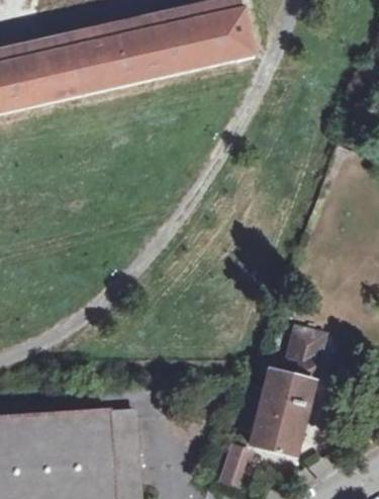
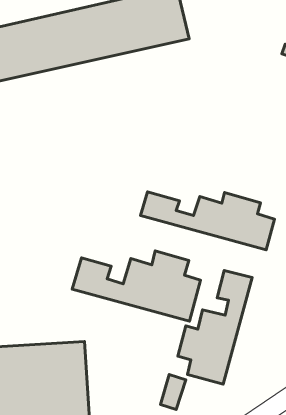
building: none -> [140,192,275,250]
building: none -> [72,251,201,321]

